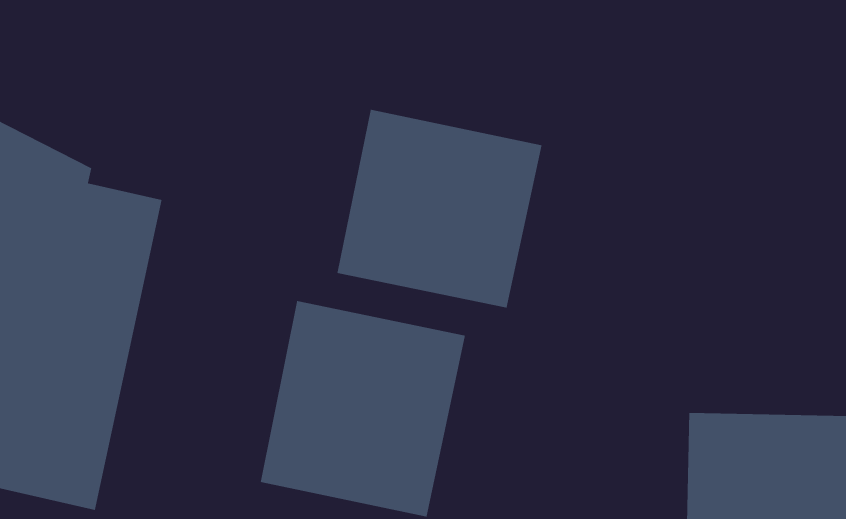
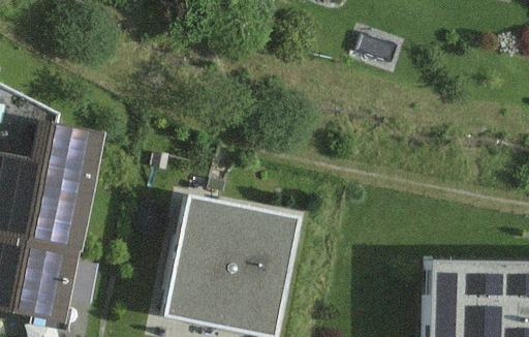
building: [336,109,542,309] -> none

